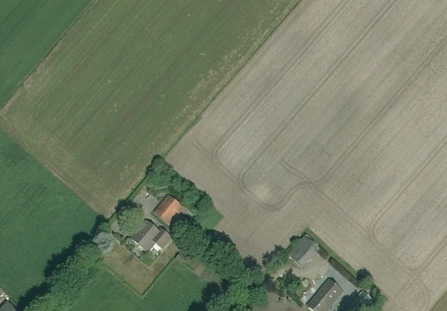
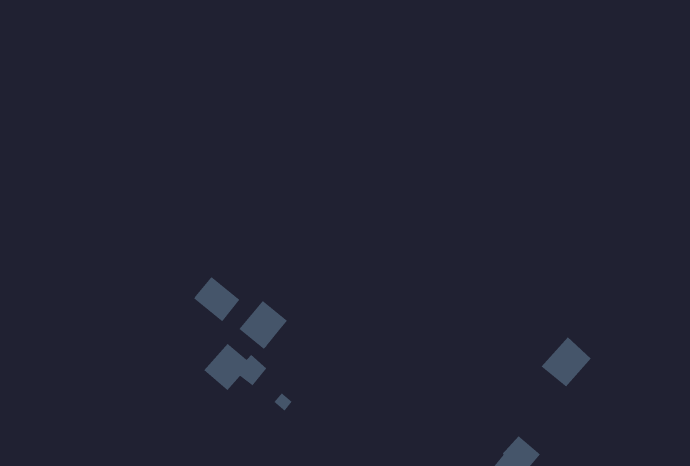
building: none -> [193,276,240,322]
building: [286,234,318,266] -> [541,336,592,387]

